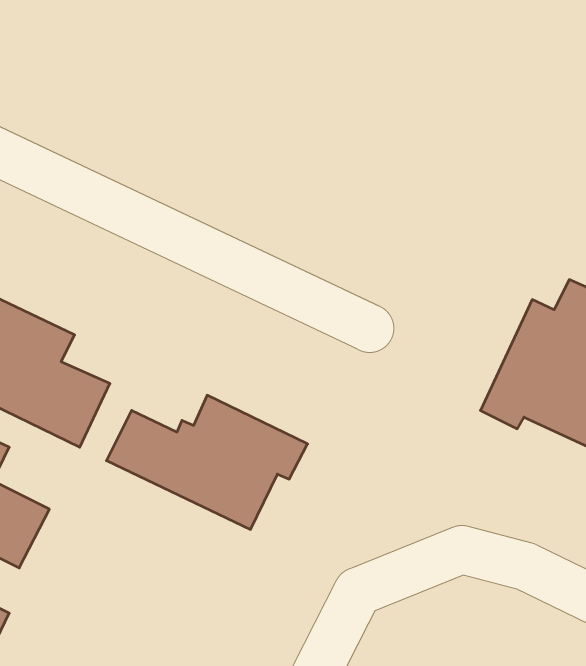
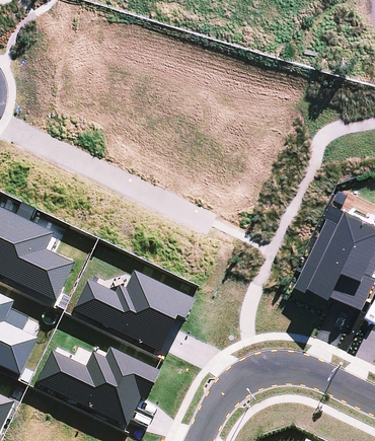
building: none -> [34,349,158,428]

